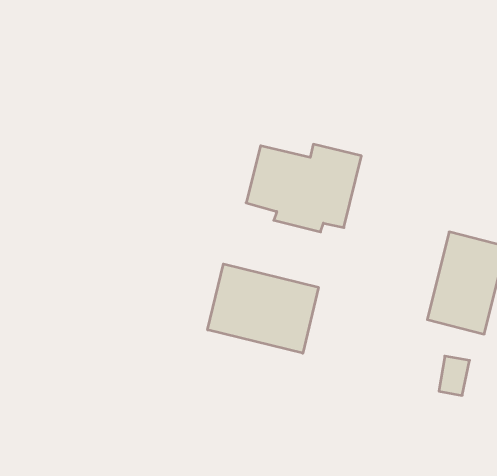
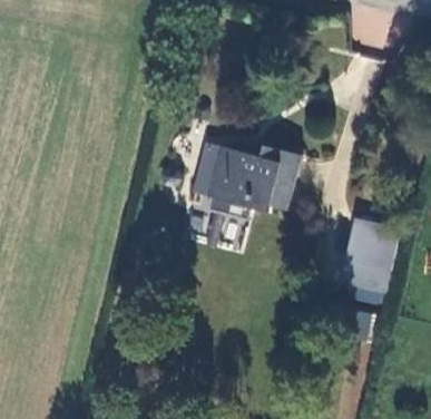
building: [208,264,318,353] -> none

